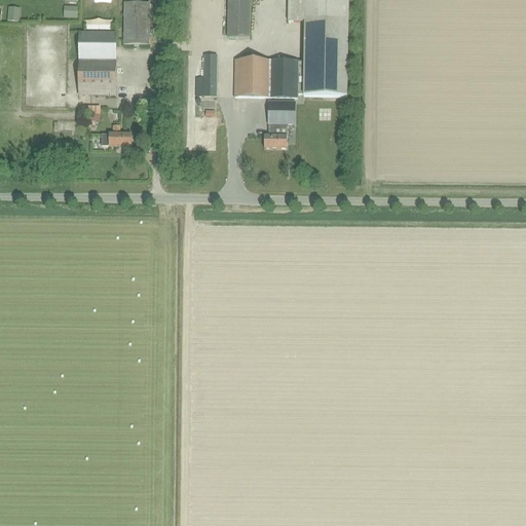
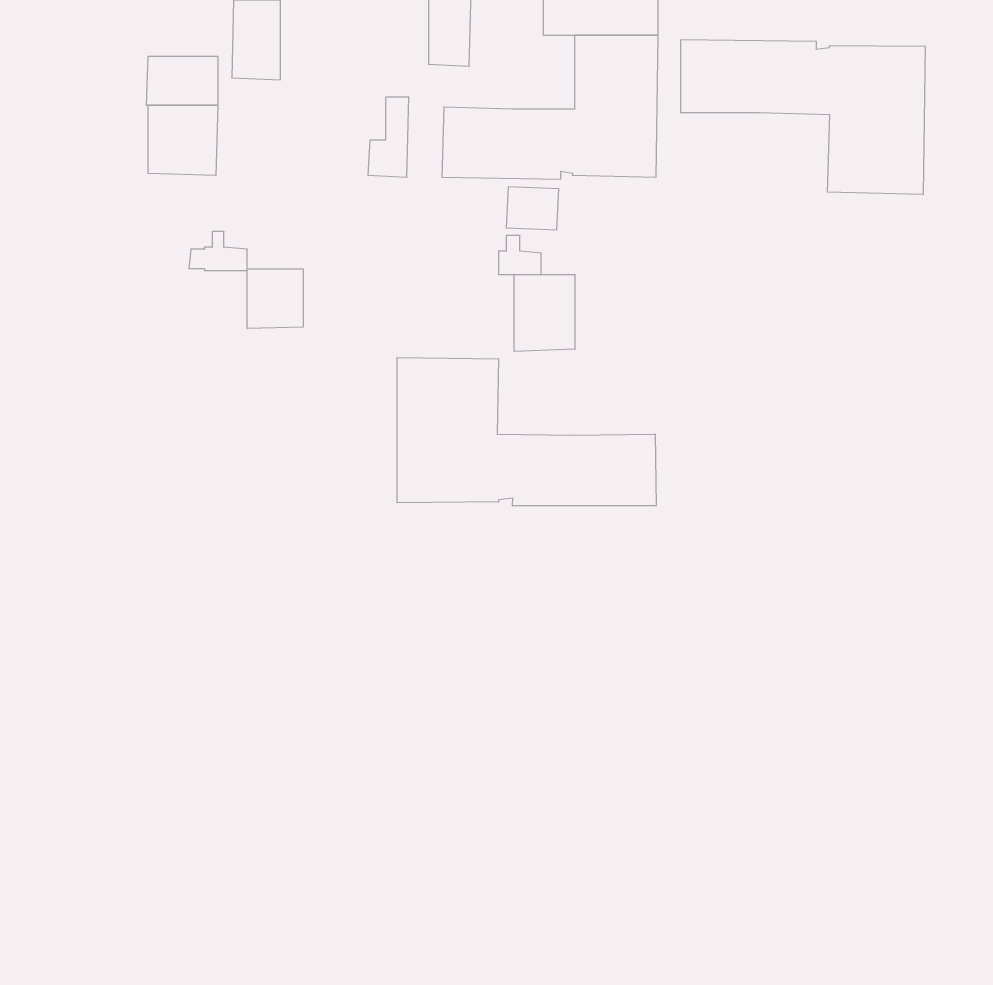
building: none -> [681,40,925,195]
building: none -> [247,269,303,329]
building: none -> [514,274,575,351]
building: none -> [397,358,656,506]

